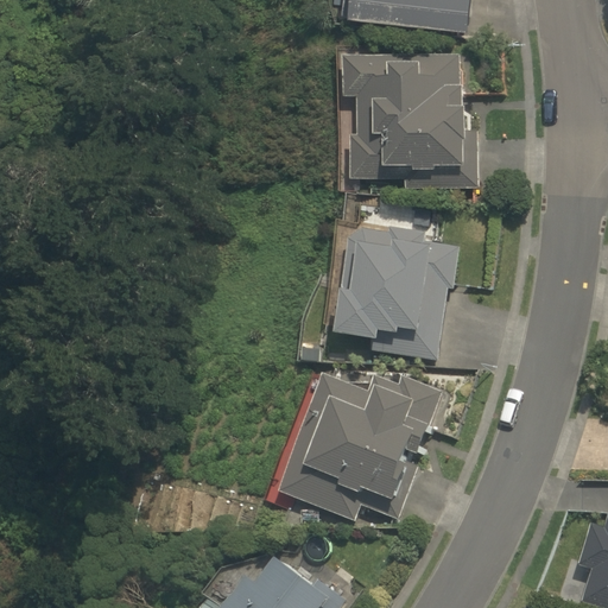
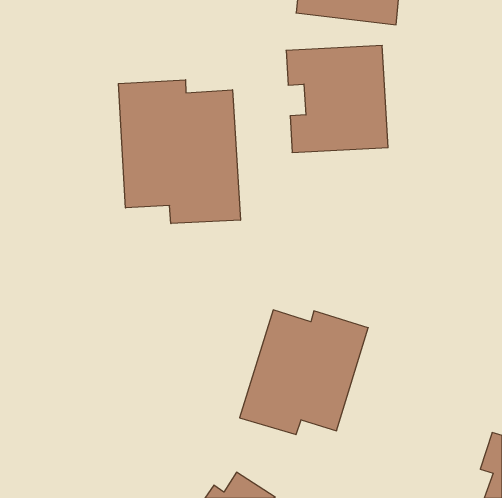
building: none -> [118,80,240,224]
building: [329,222,452,356] -> none

